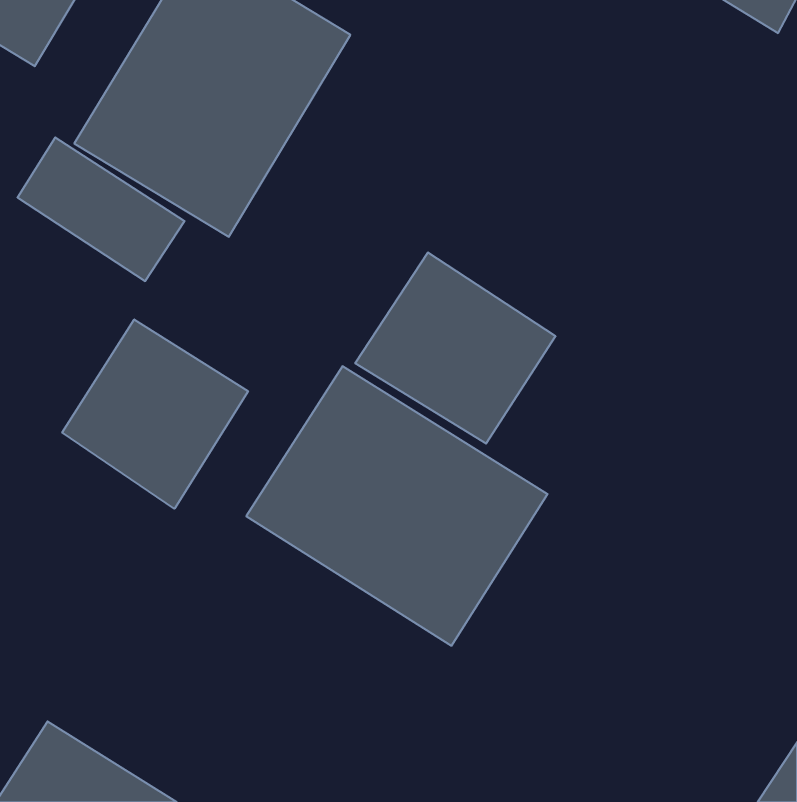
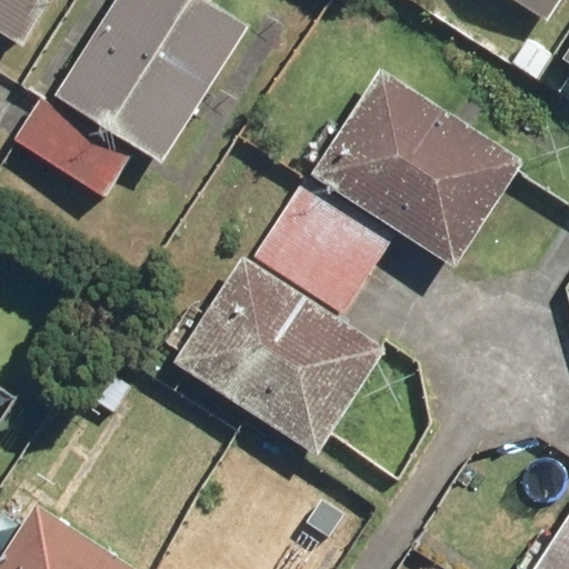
building: none -> [309,68,522,267]
building: [62,319,248,509] -> none

